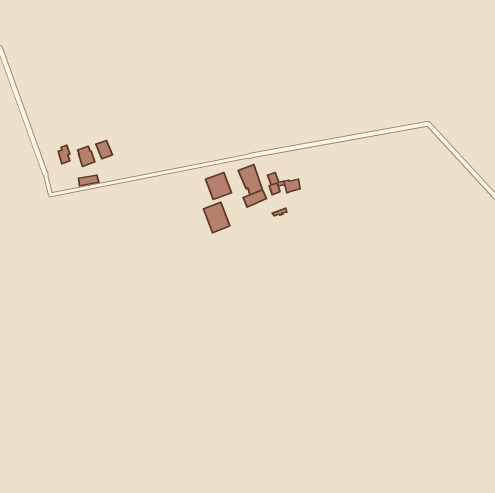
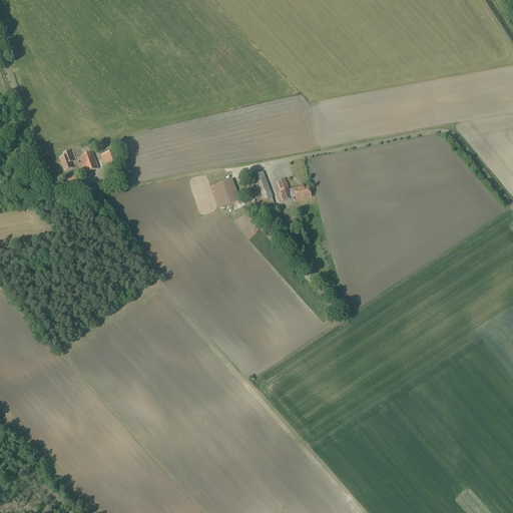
building: [203,202,230,233] -> none

